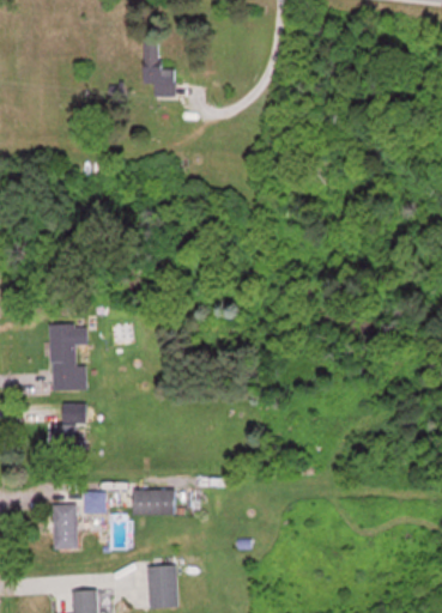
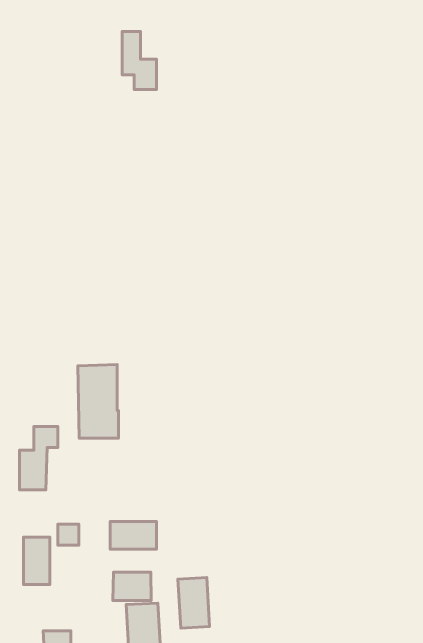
building: [49,323,86,390] -> [78,365,119,438]
building: none -> [113,572,151,600]
building: none -> [178,578,209,628]

